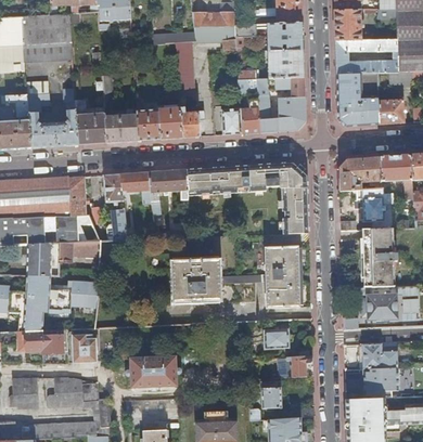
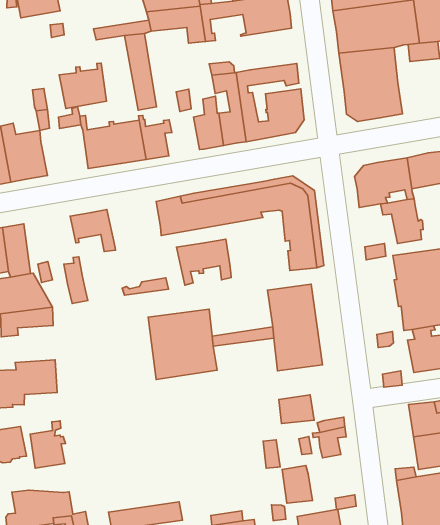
building: [264,50,304,78] -> none
building: [379,100,403,123] -> none
building: [104,110,138,142] -> [59,63,107,108]
building: [149,170,188,202] -> [176,239,231,285]
building: [103,174,123,205] -> none
building: [126,356,181,388] -> none

